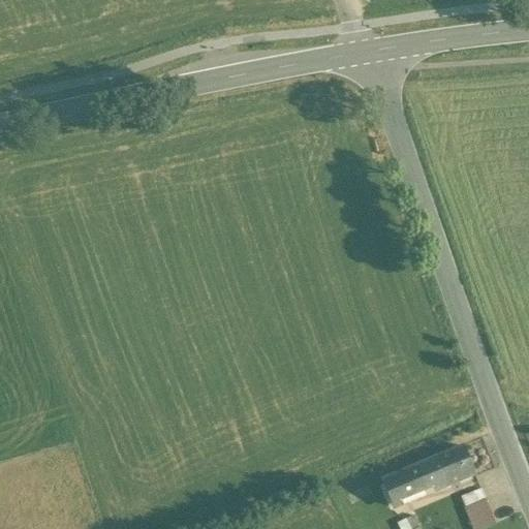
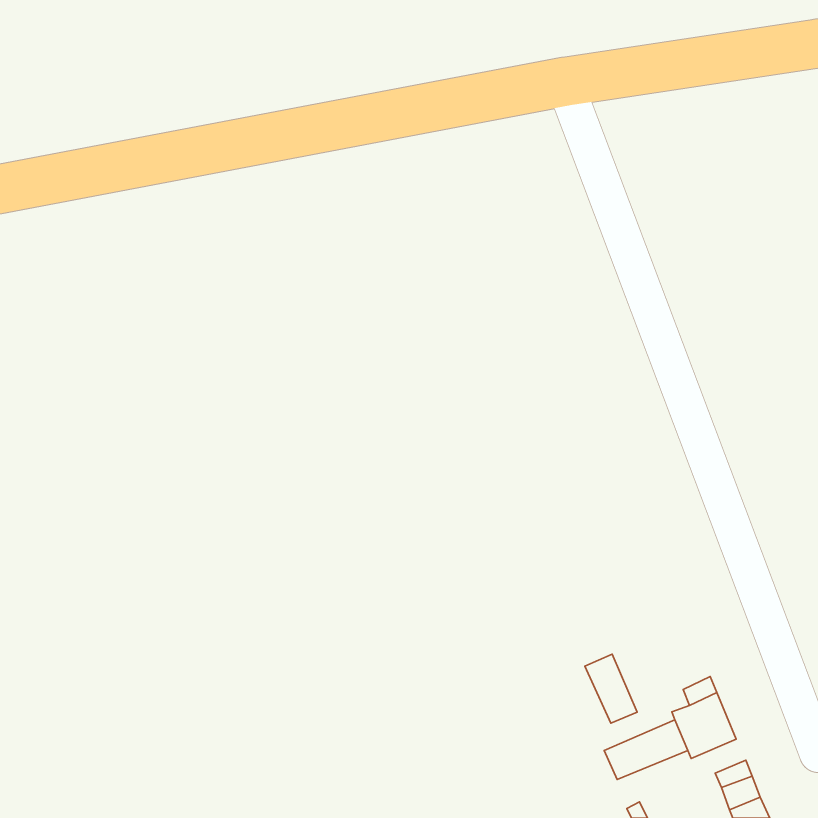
building: none -> [585,654,637,723]

